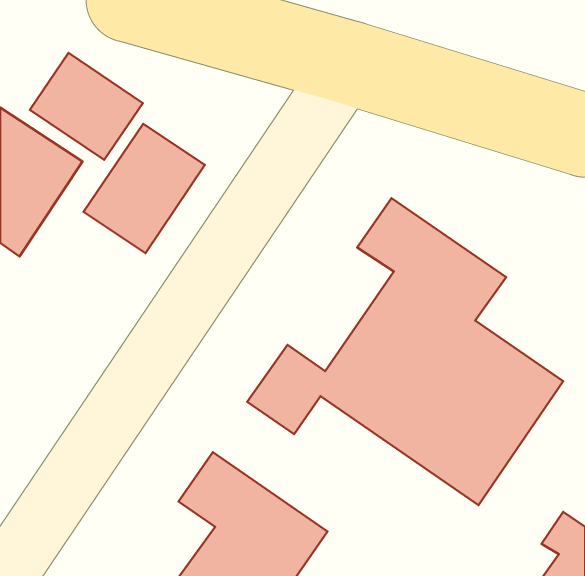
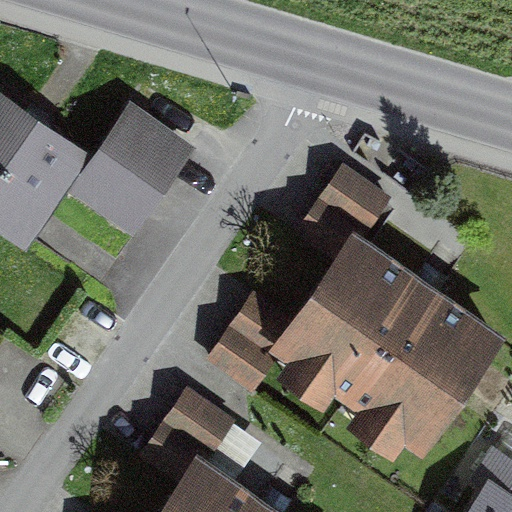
building: [30,53,143,160] -> none

